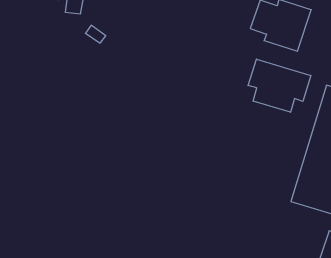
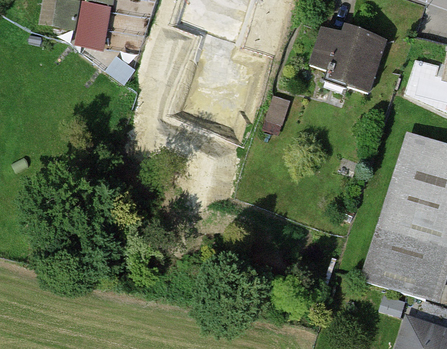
building: [248,59,311,112] -> none

